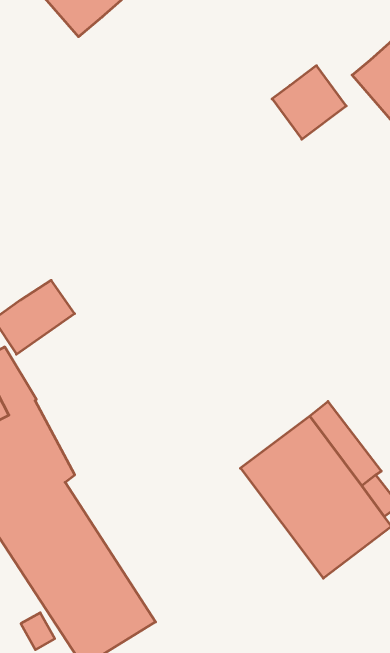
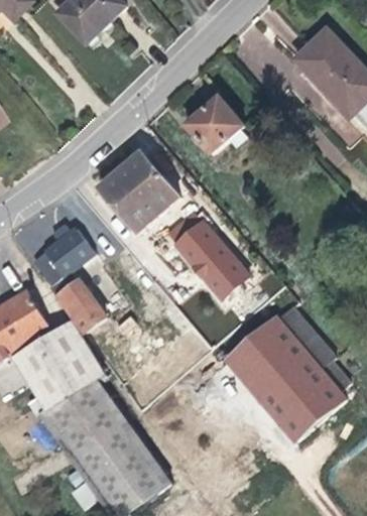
building: [272,66,346,139] -> [186,97,242,153]
building: none -> [99,151,178,232]
building: none -> [175,222,247,297]
building: none -> [55,272,114,334]

